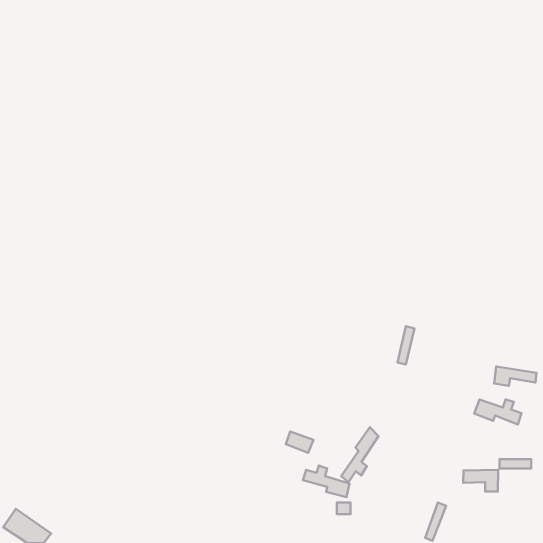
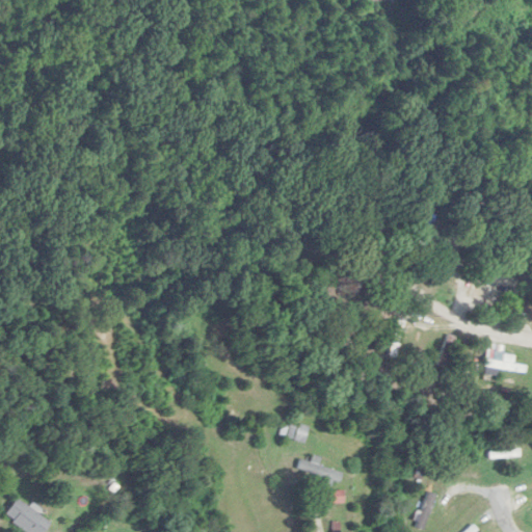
building: [474,399,521,425] -> none
building: [341,427,379,482] -> none
building: [463,470,498,492] -> none

